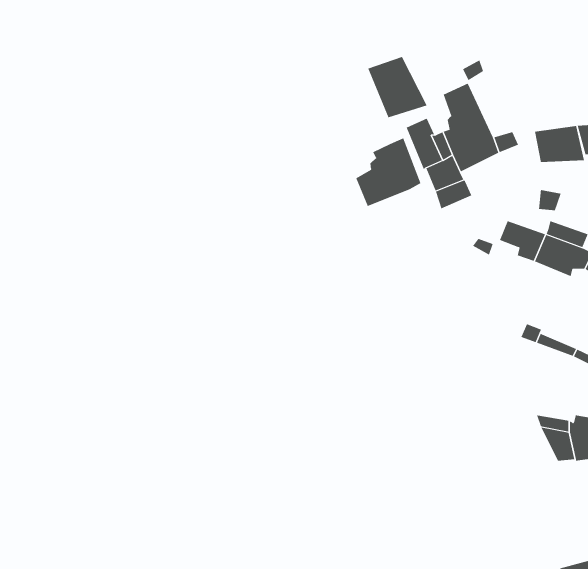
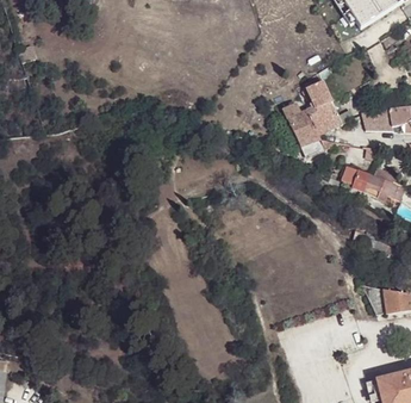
building: [368,56,428,118] -> none
building: [355,138,421,207] -> none

